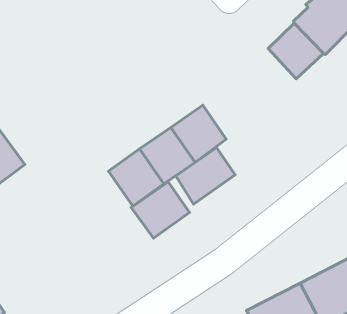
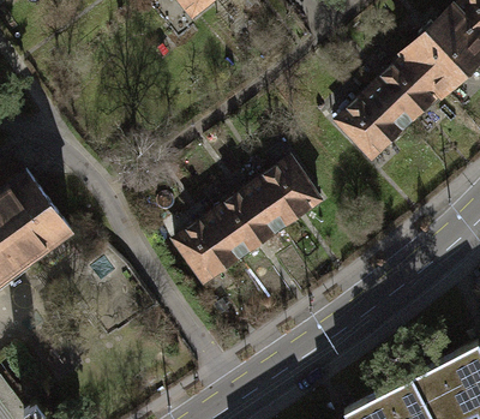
building: none -> [336,89,406,160]
building: [176,148,235,204] -> none
building: [131,182,190,238] -> none

